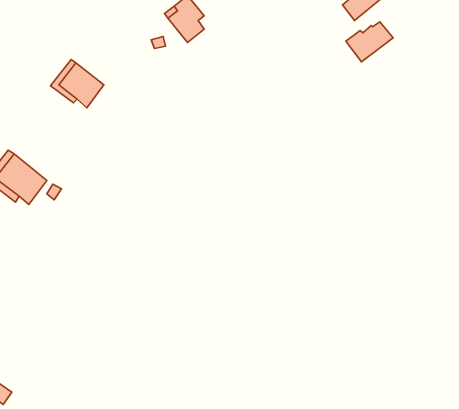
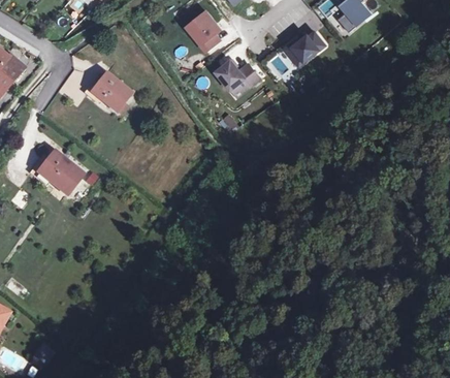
building: [346,22,393,62] -> [284,32,324,66]
building: none -> [214,60,258,91]

